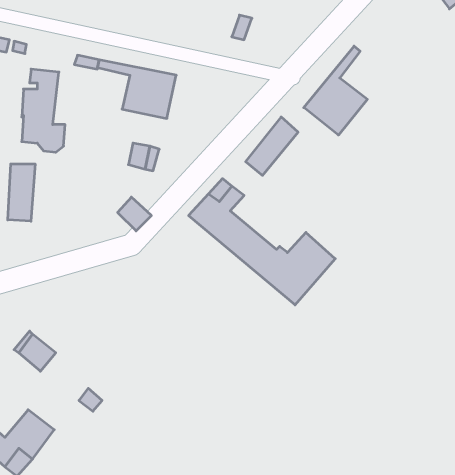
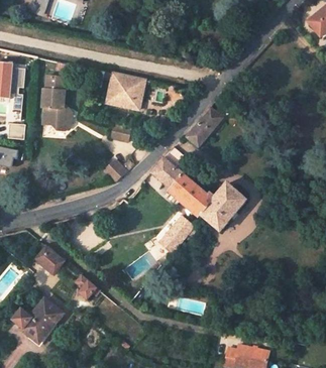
building: [304,46,367,135] -> none
building: [8,164,35,221] -> none
building: none -> [160,216,194,251]

